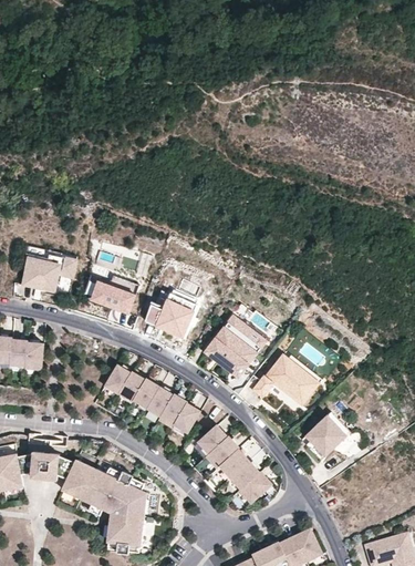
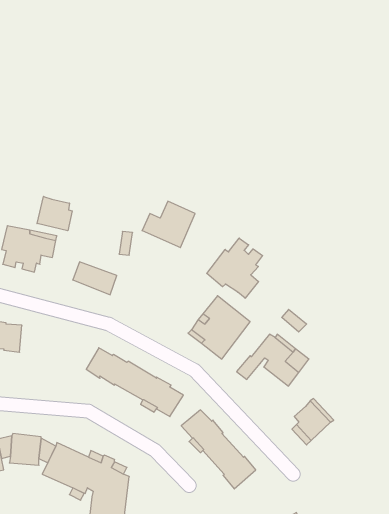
building: none -> [37,196,72,231]
building: none -> [207,238,263,298]
building: [144,292,196,338] -> [142,201,195,248]

